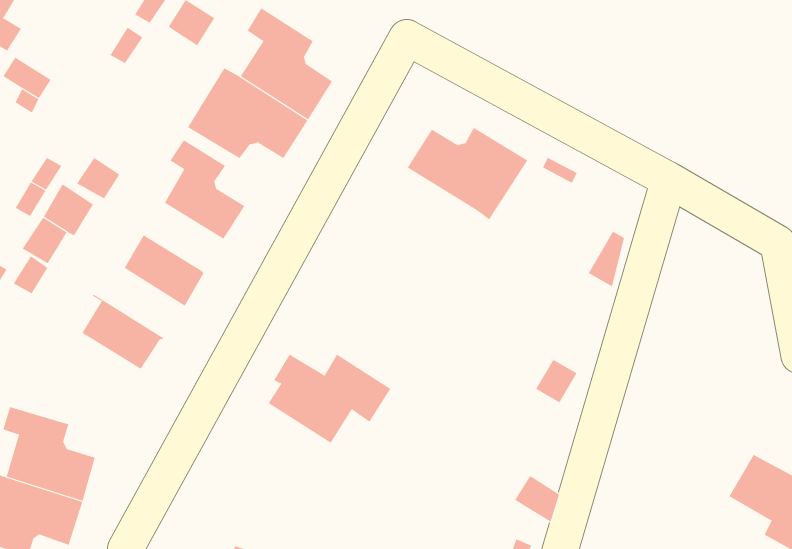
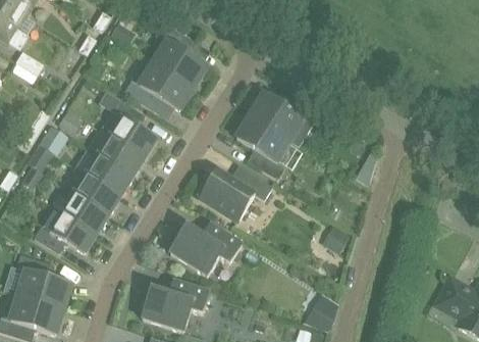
building: none -> [235,115,289,180]
building: none -> [97,136,144,176]
building: none -> [68,166,121,214]
building: none -> [196,168,272,221]
building: none -> [33,211,96,253]
building: none -> [141,281,208,331]

